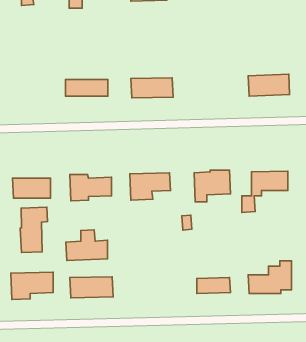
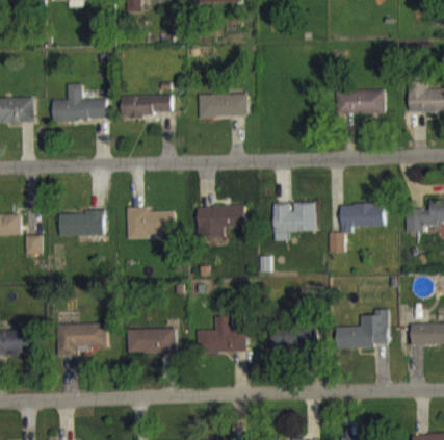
building: none -> [52,83,107,120]
building: [20,207,48,252] -> none
building: [66,230,107,261] -> [197,315,245,352]

